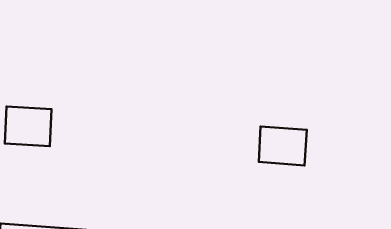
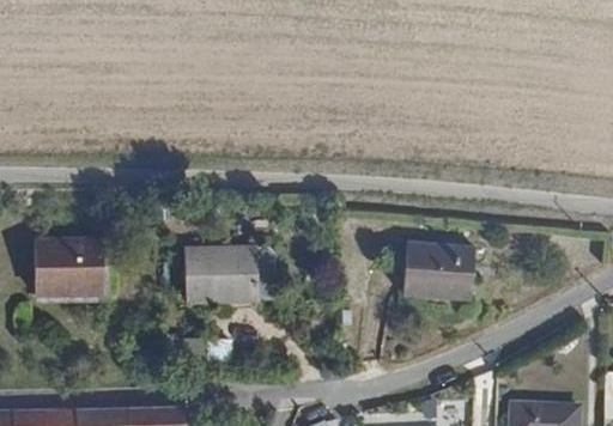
building: none -> [176,245,267,299]

